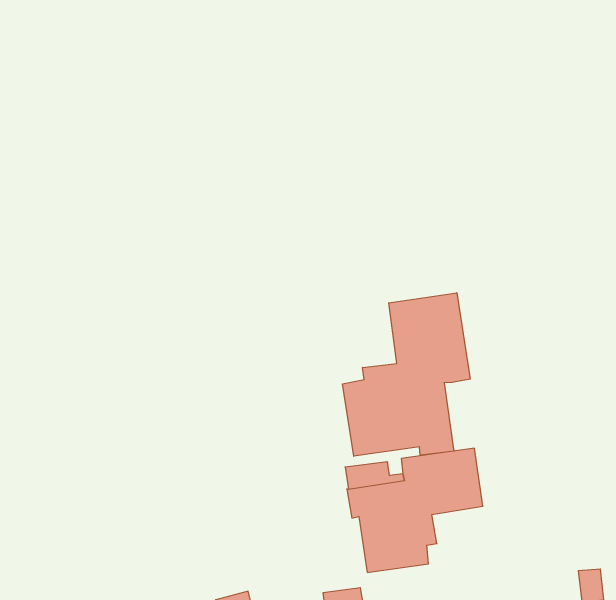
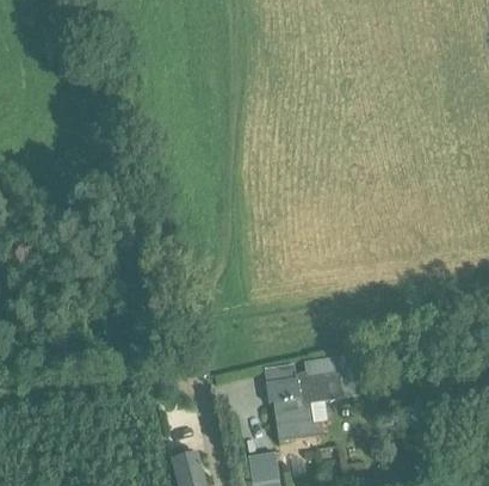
building: [343,293,470,456] -> none

